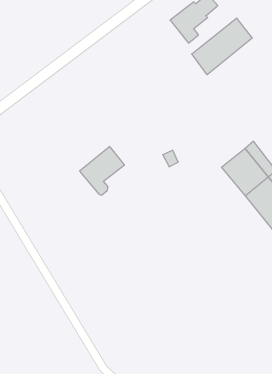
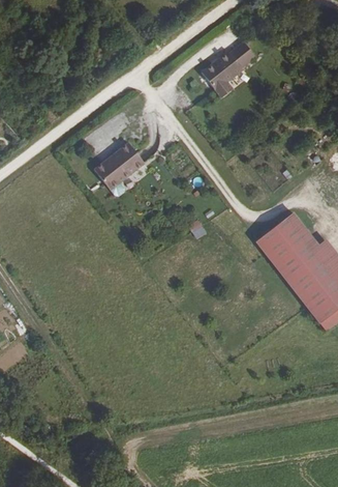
building: [192,18,252,75] -> none
building: [80,147,124,195] -> [94,145,145,200]

